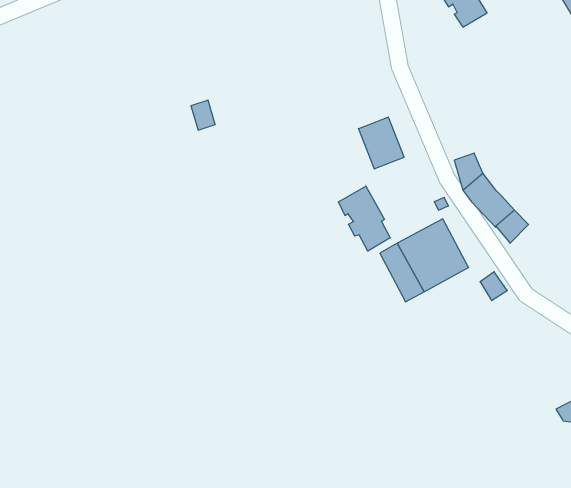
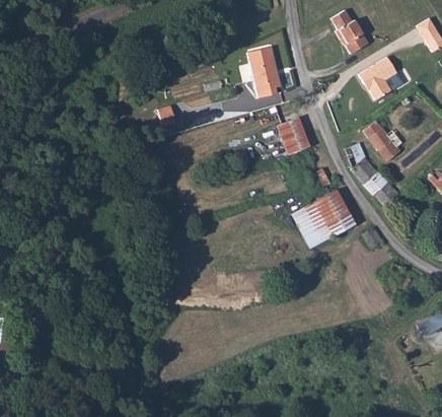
building: none -> [247,48,280,98]
building: none -> [359,57,396,100]
building: none -> [363,119,400,161]
building: [338,186,390,251] -> none

